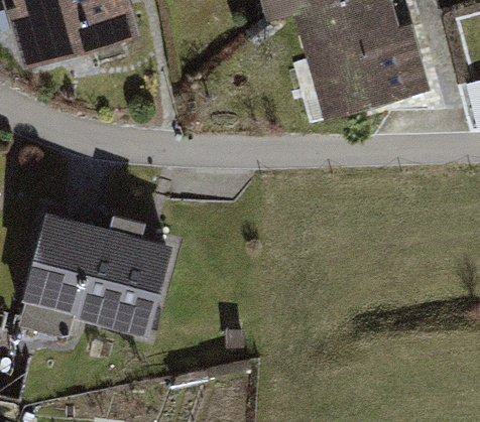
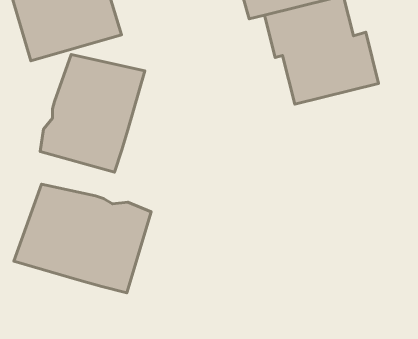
building: none -> [40,55,145,172]

